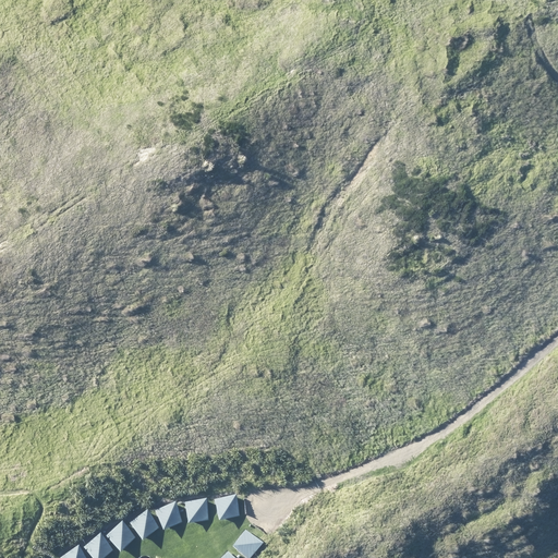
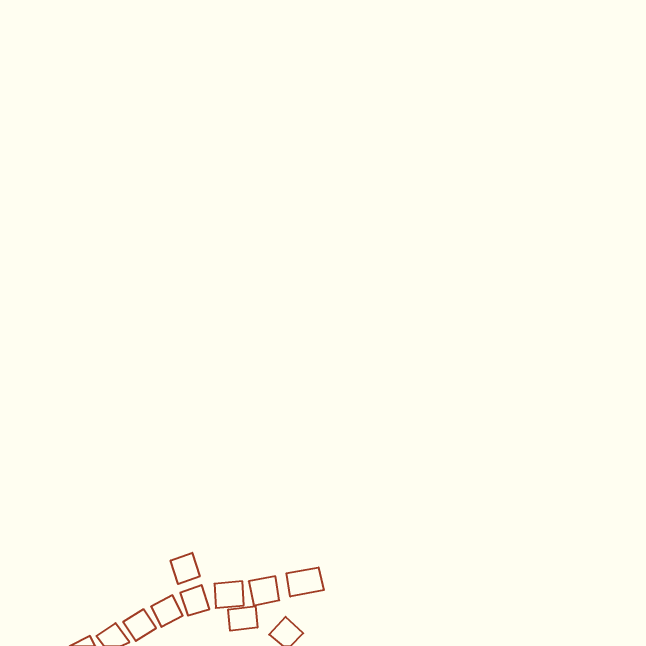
building: none -> [171,553,200,584]
building: none -> [286,567,324,597]
building: none -> [228,606,257,631]

